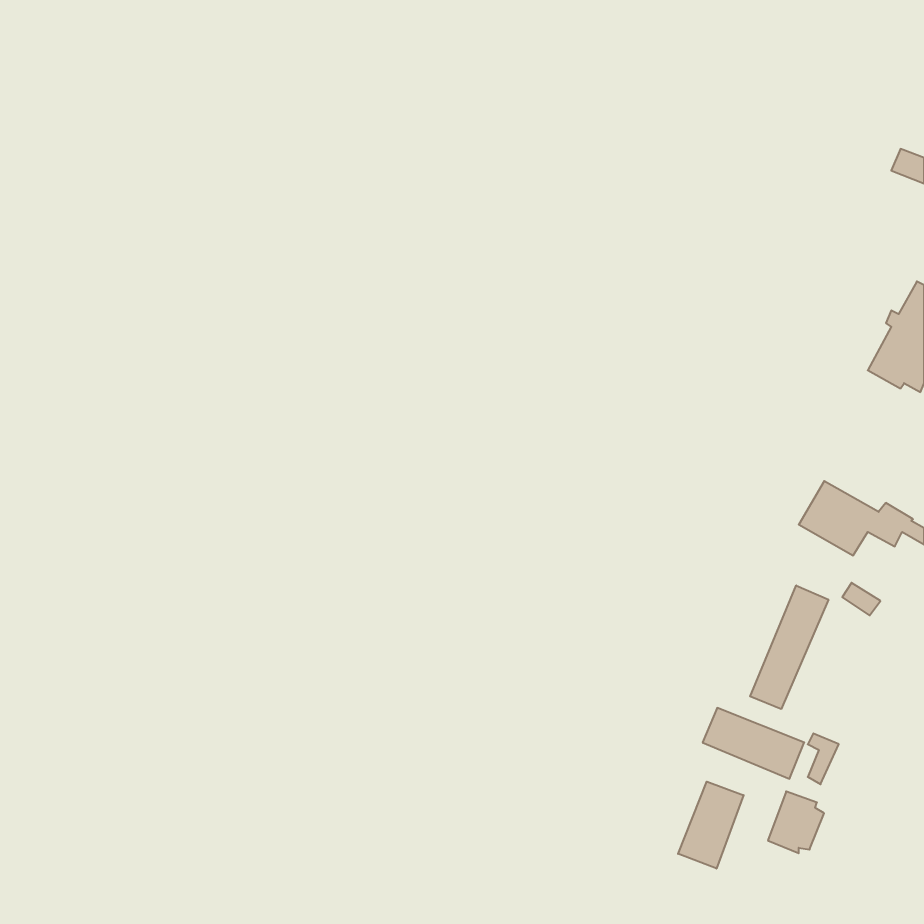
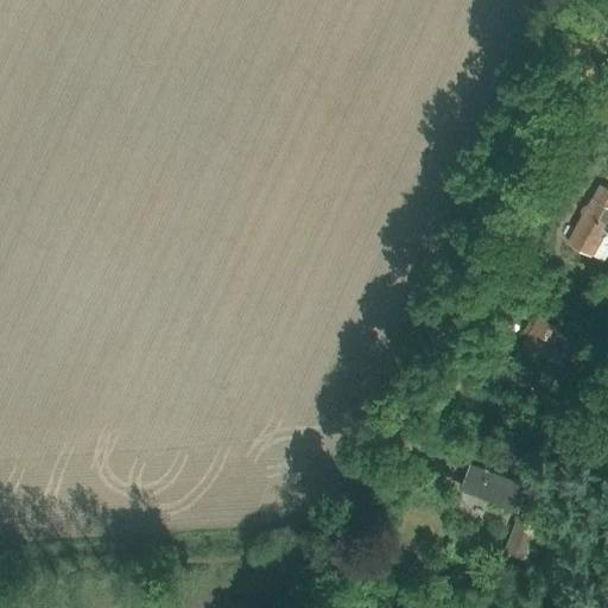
building: [750,585,828,709] -> none
building: [678,782,744,869] -> none

